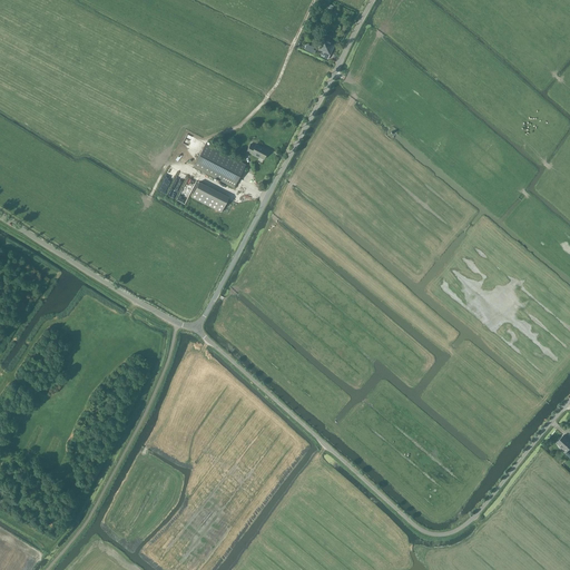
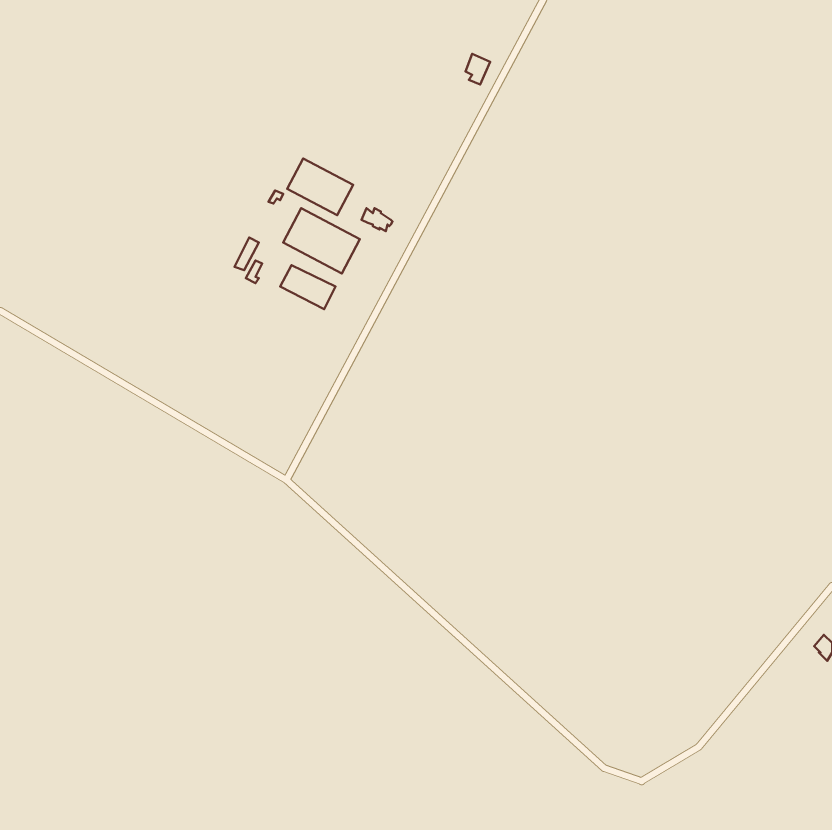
building: none -> [287,158,353,215]

